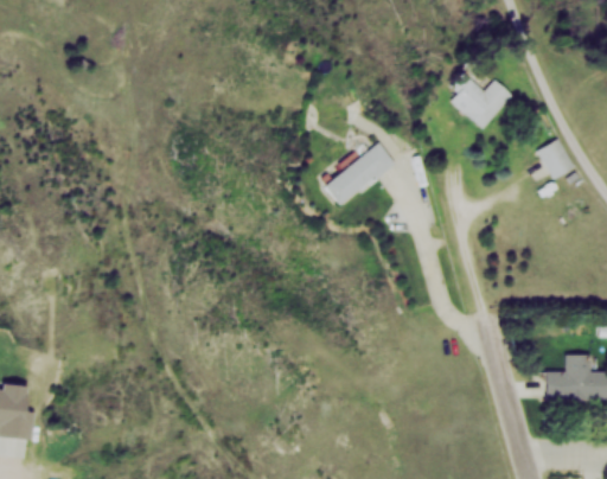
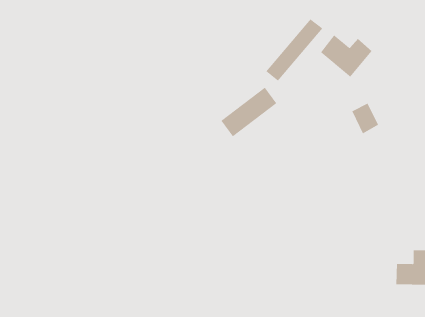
building: none -> [265,18,323,81]
building: [538,140,574,180] -> [351,103,379,134]

